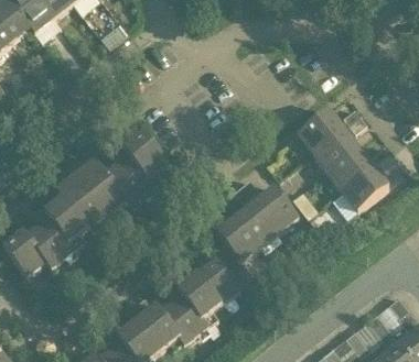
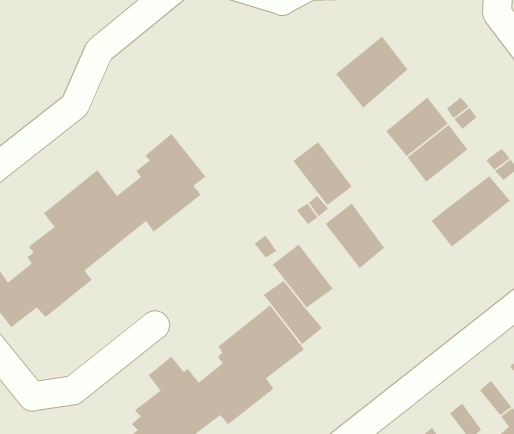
building: none -> [335,35,409,109]
building: [329,146,375,189] -> none
building: [236,200,280,248] -> [292,141,353,206]

